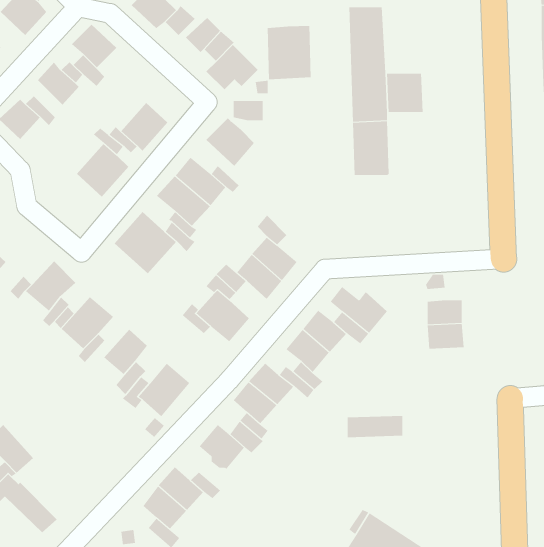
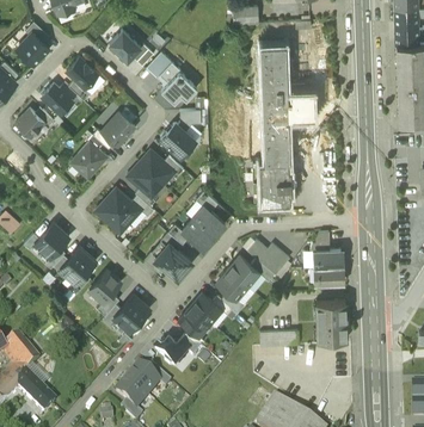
building: [267,25,311,80] -> none
building: none -> [260,161,293,203]
building: none -> [317,299,348,339]

